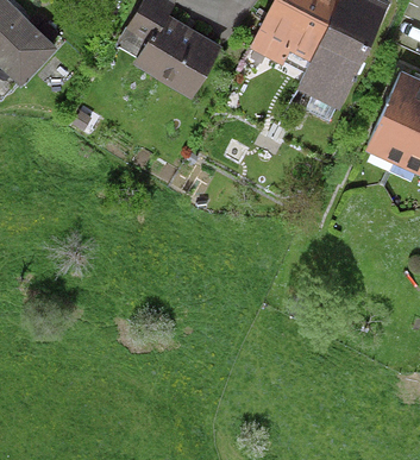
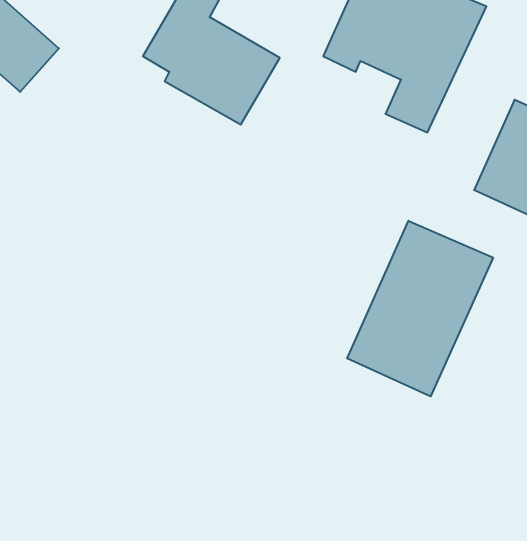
building: none -> [347,221,493,396]

